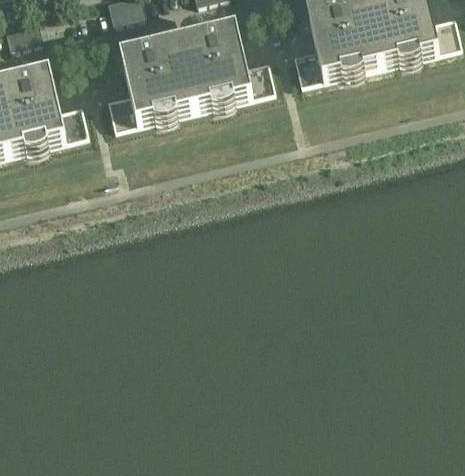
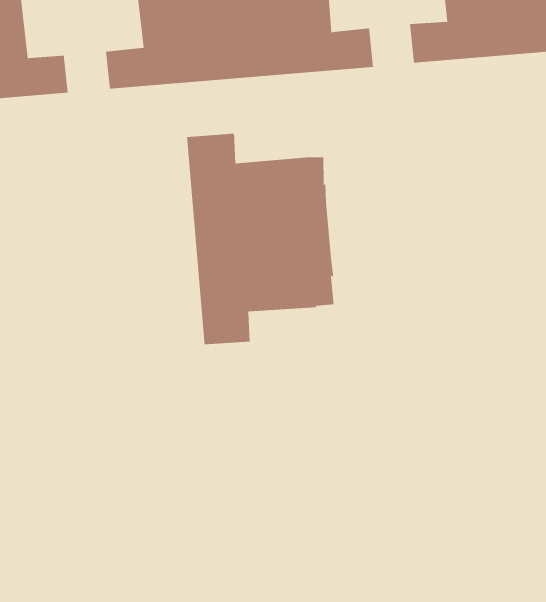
building: none -> [187,133,334,345]

